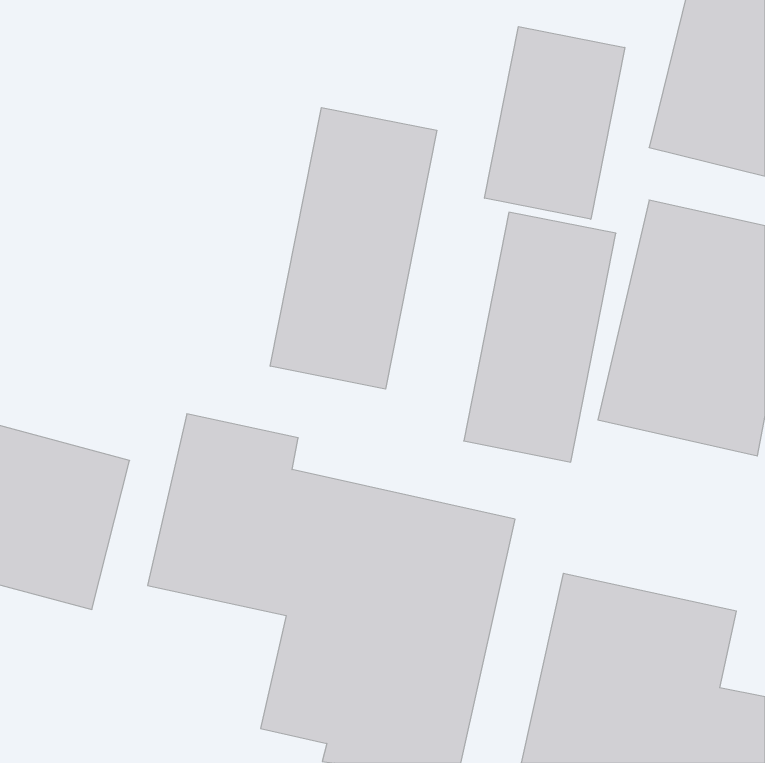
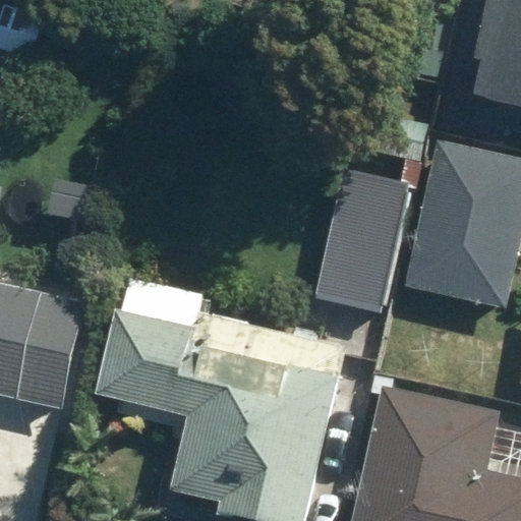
building: [485,27,625,219] -> none
building: [270,108,437,389] -> none

